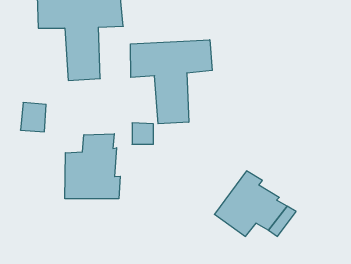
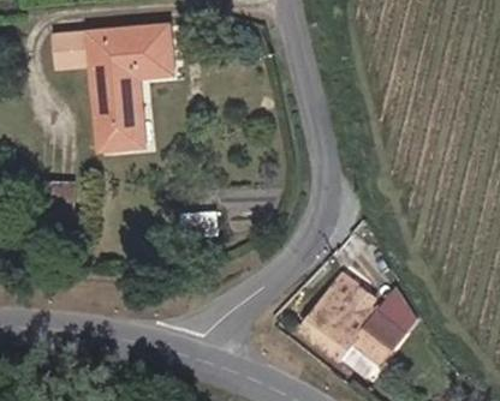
building: [131,40,212,124] -> none
building: [65,134,120,199] -> none

